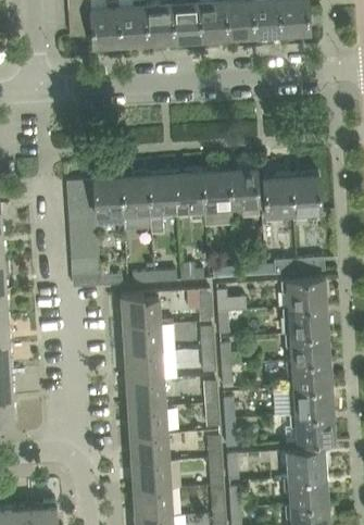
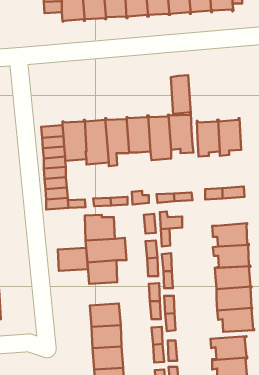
building: none -> [171,75,191,115]
building: [283,278,328,309] -> none
building: [127,380,165,410] -> [58,248,88,271]

